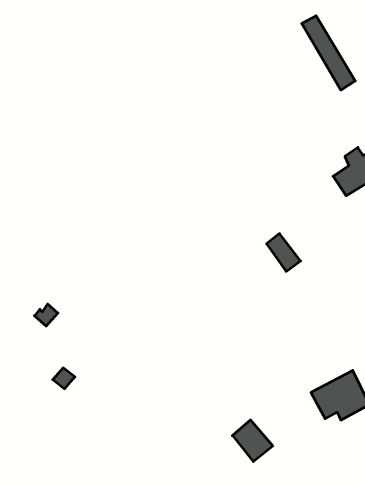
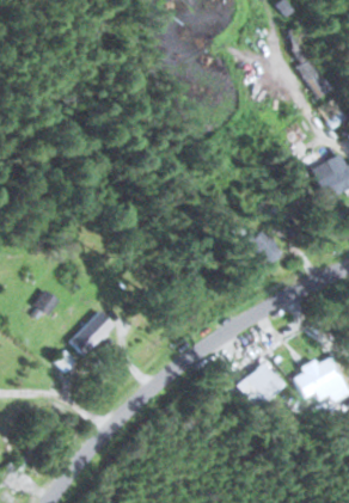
building: none -> [71,314,116,357]
building: [232,420,273,462] -> [247,366,284,404]

